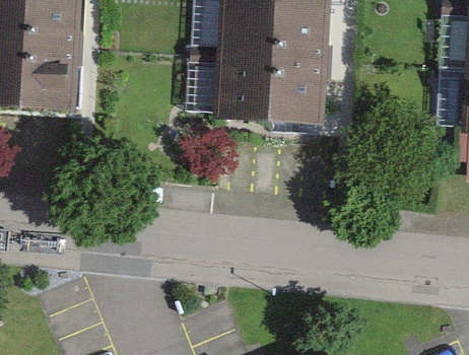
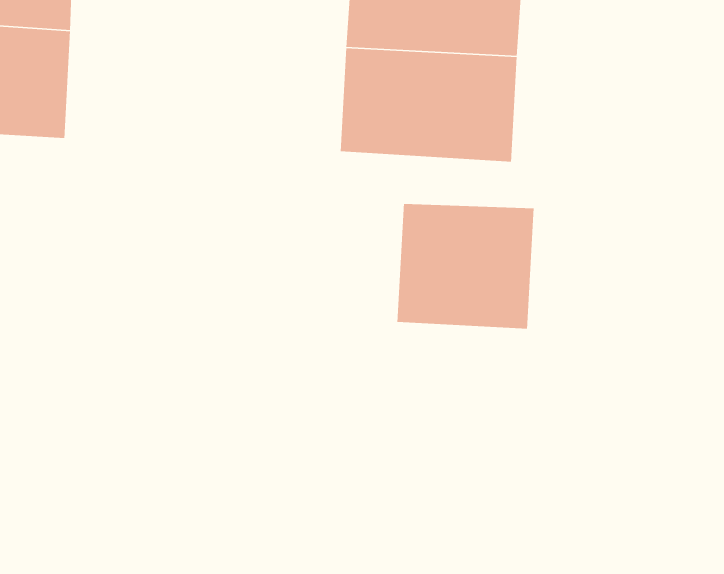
building: none -> [397,203,535,329]

